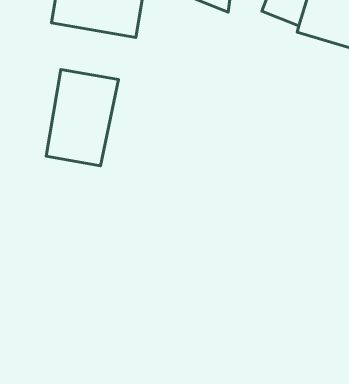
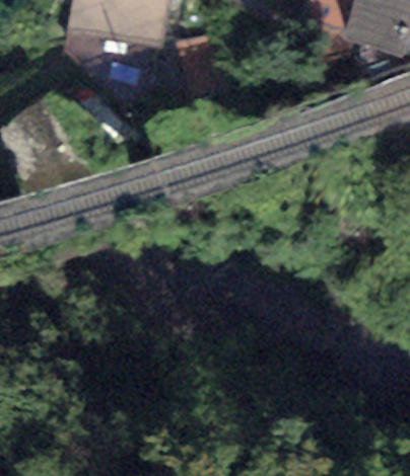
building: [46,70,118,166] -> none

